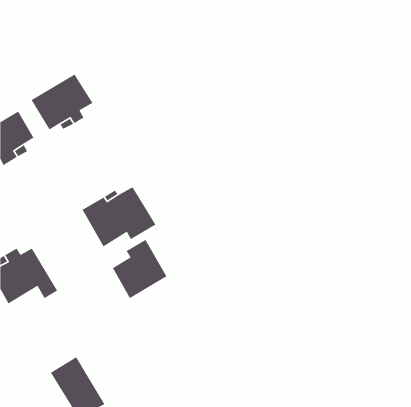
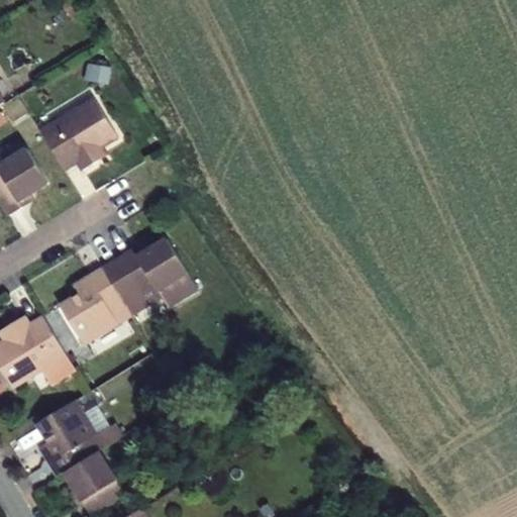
building: [112,239,167,299] -> [60,269,129,344]
building: none -> [33,399,103,478]

